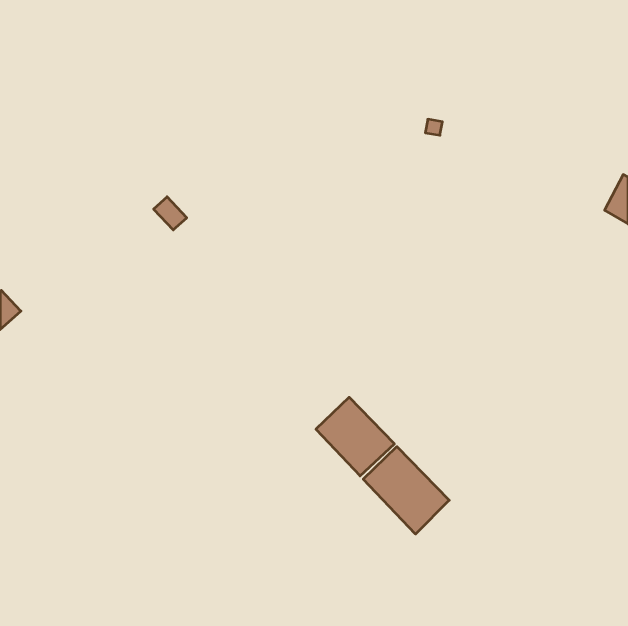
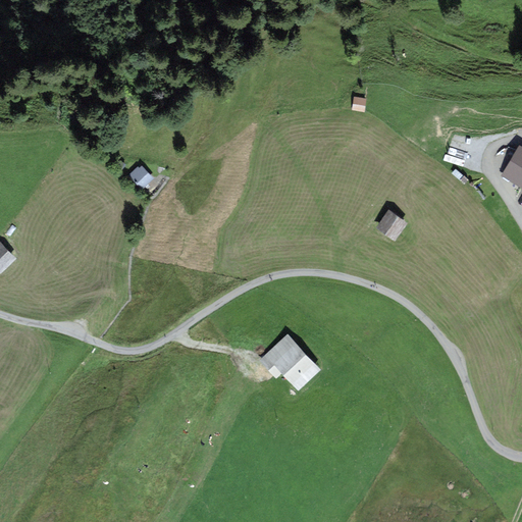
building: none -> [375,210,407,242]
building: [363,447,449,534] -> none

